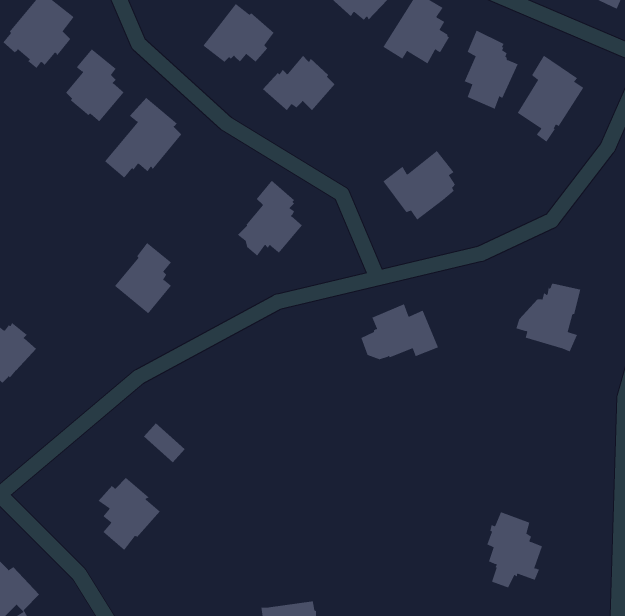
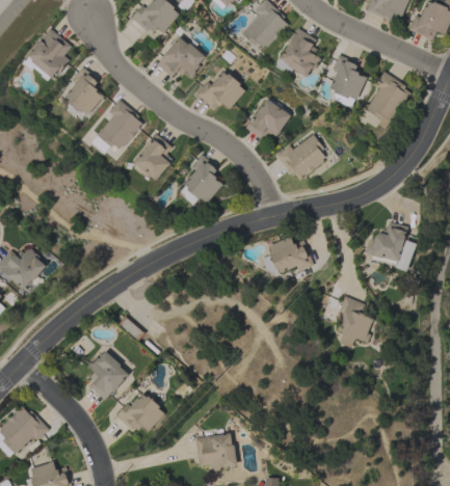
building: none -> [244,98,290,139]
building: [114,242,172,314] -> [133,133,171,181]
building: [487,512,543,588] -> [335,296,372,347]
building: none -> [115,393,163,432]

